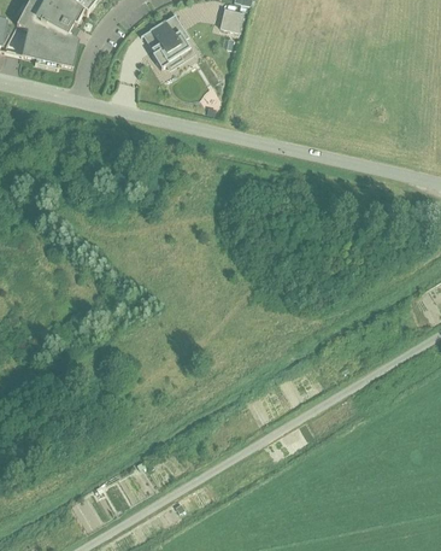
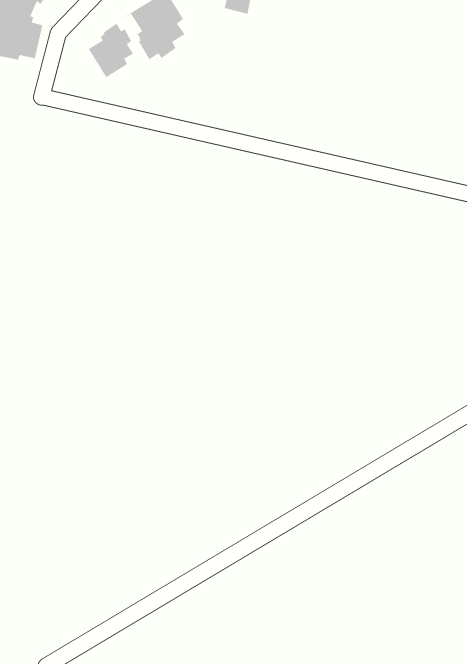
building: none -> [85,23,134,79]

